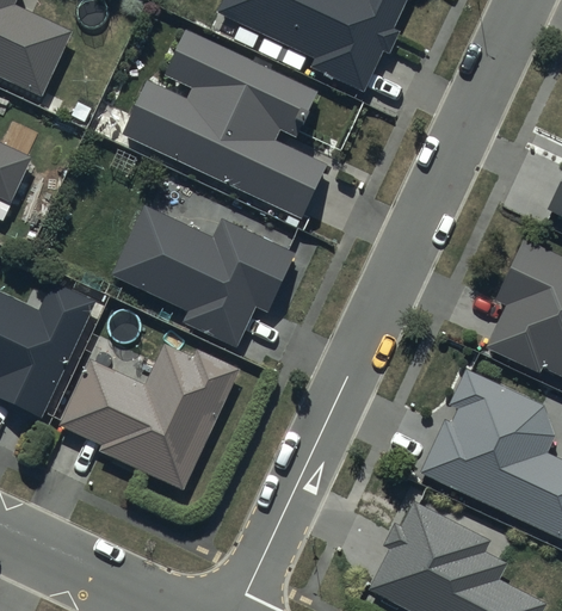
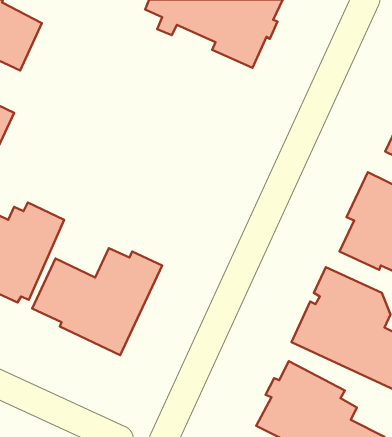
building: [112,27,329,221] -> none
building: [109,204,299,350] -> none

